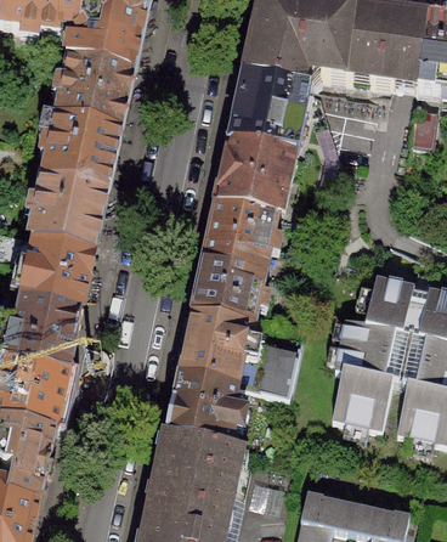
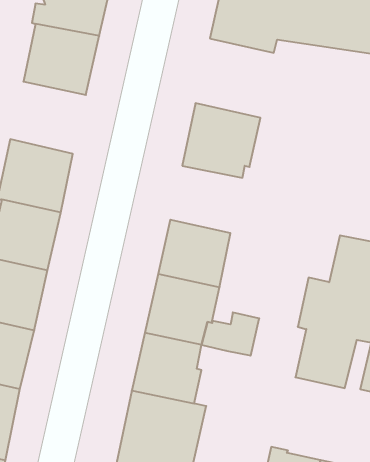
building: [230,69,309,149] -> none
building: [43,113,119,186] -> none
building: [204,198,277,266] -> none

